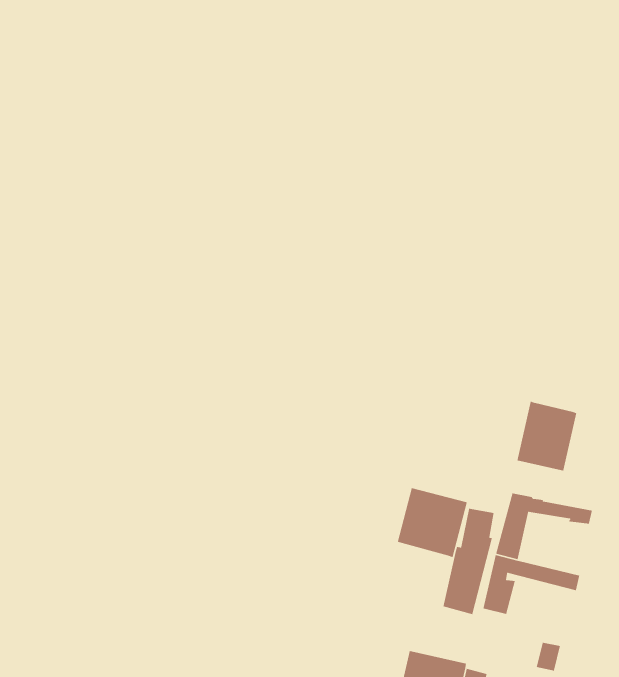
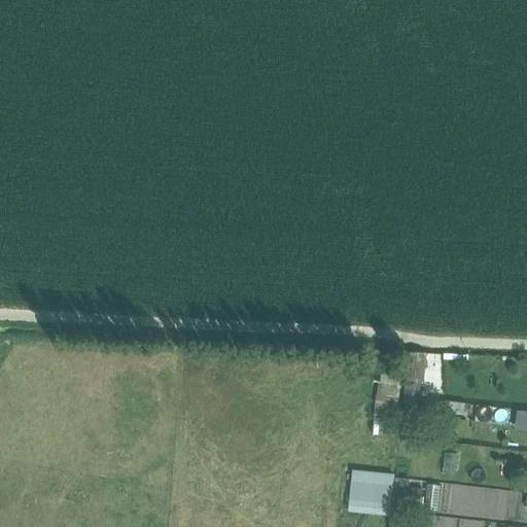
building: [516,401,577,472] -> none
building: [397,487,468,558] -> none

